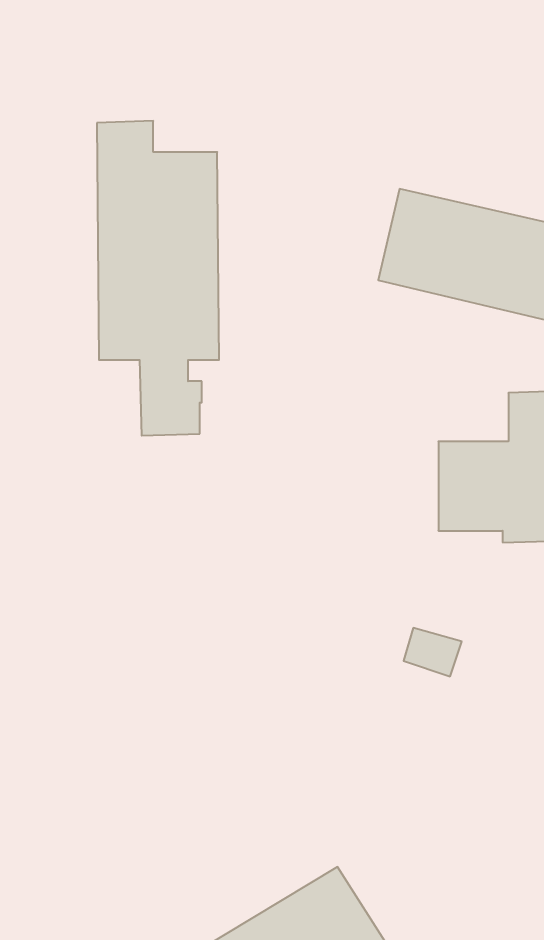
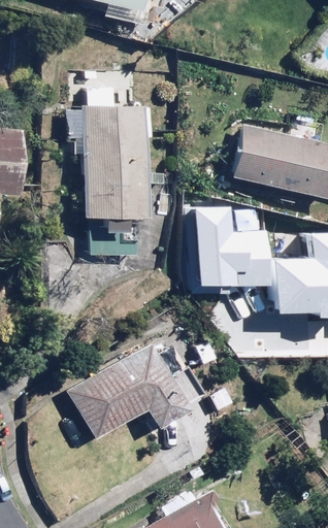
building: none -> [187,206,259,296]
building: none -> [67,343,207,440]

